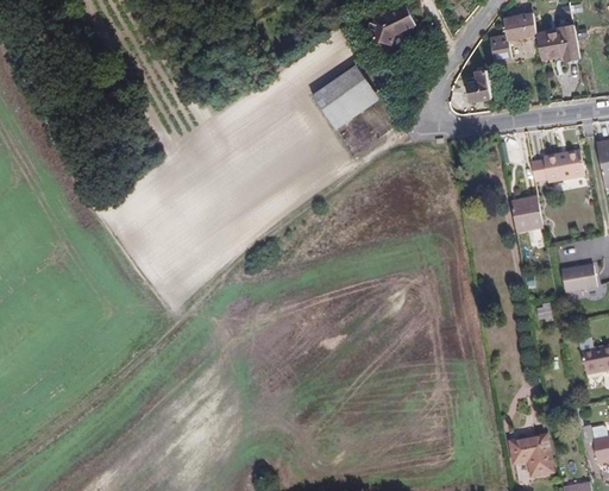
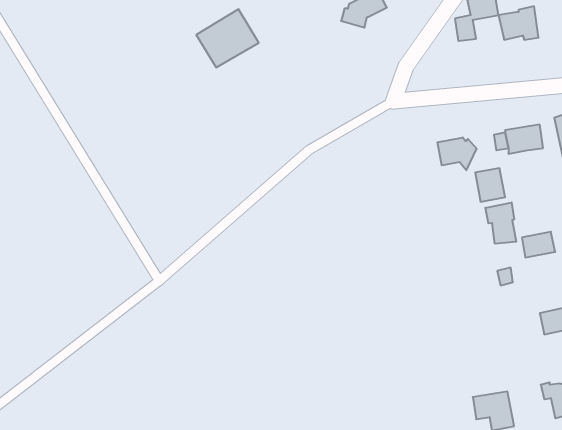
building: [308,65,375,127] -> [196,9,259,67]
building: [466,70,491,102] -> none
building: none -> [438,137,477,170]
building: none -> [485,202,516,244]

